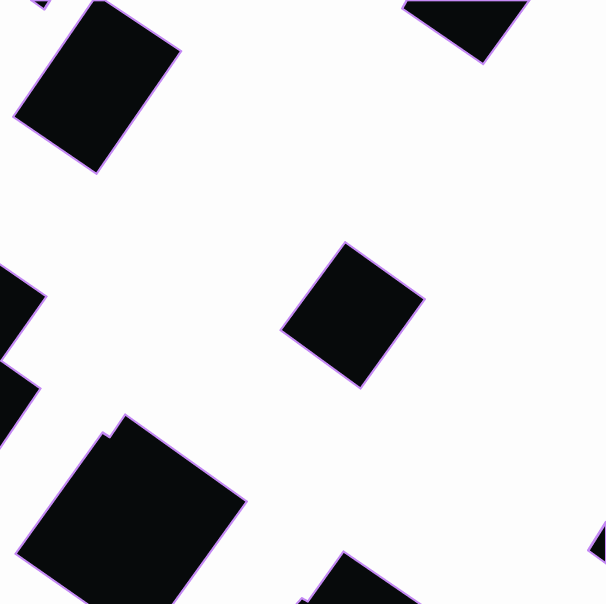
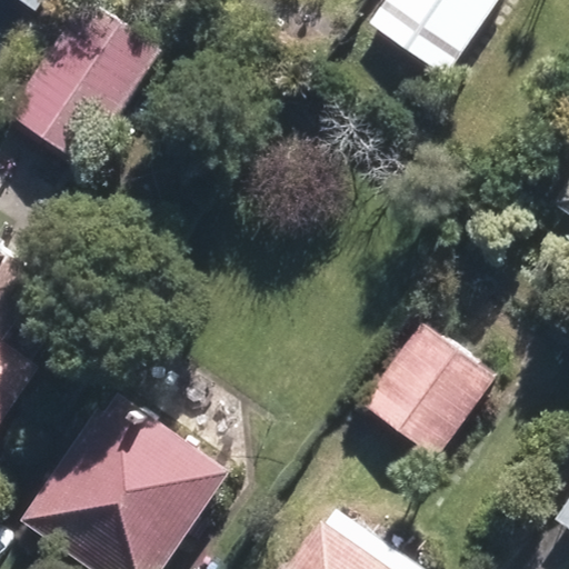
building: [281,242,425,389] -> [356,321,490,458]

